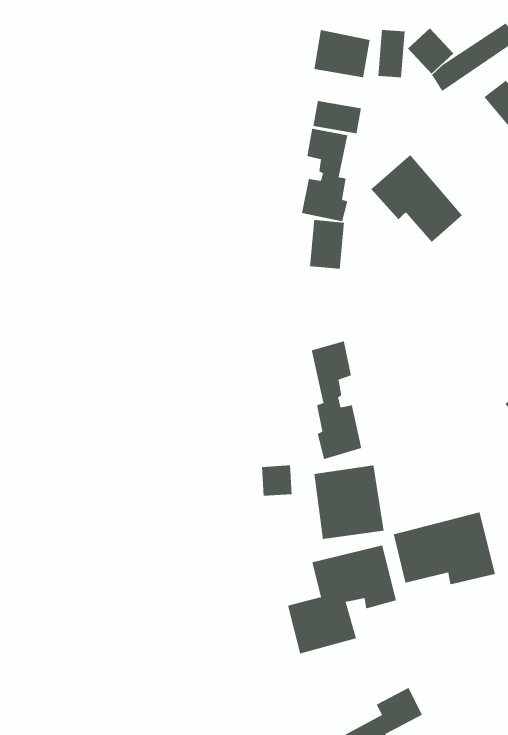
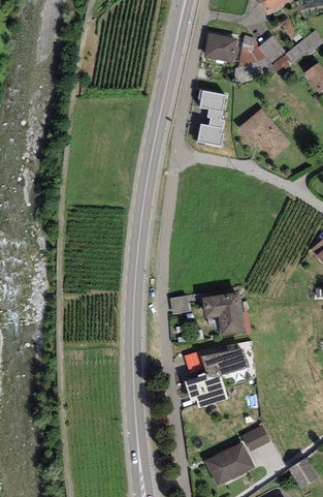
building: [313,100,362,134] -> none
building: [310,219,345,270] -> none
building: [311,340,362,460] -> none
building: [393,512,495,585] -> none

